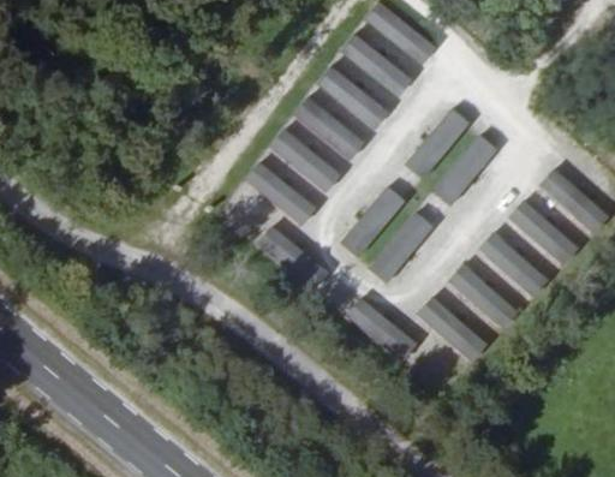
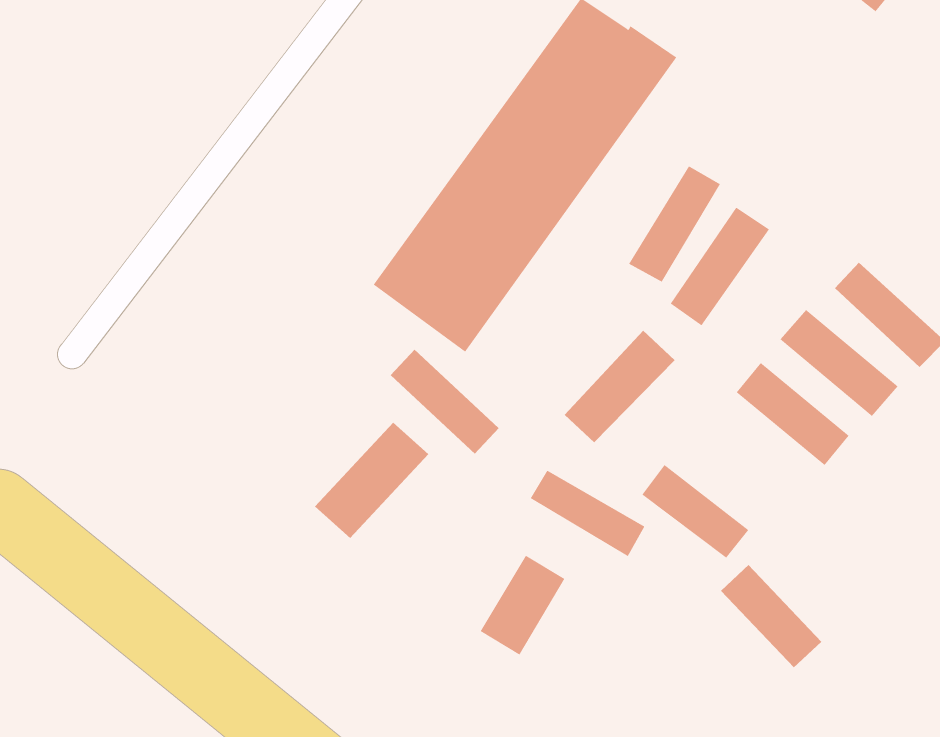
building: [341,185,405,260] -> none
building: [447,262,512,328] -> [720,564,822,668]
building: none -> [314,422,429,539]
building: none -> [480,555,565,656]

